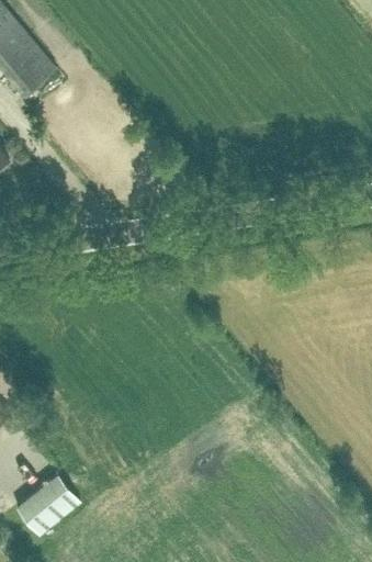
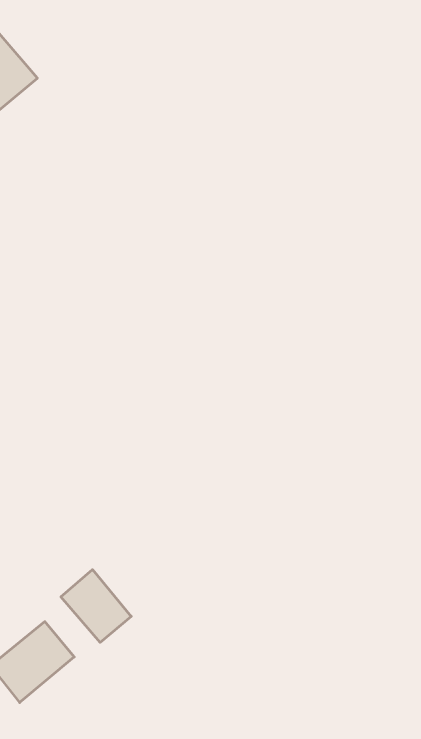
building: none -> [61,570,131,642]

